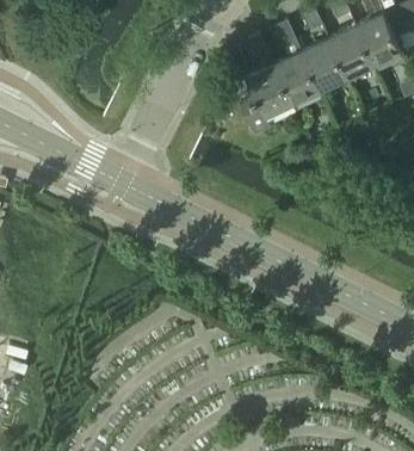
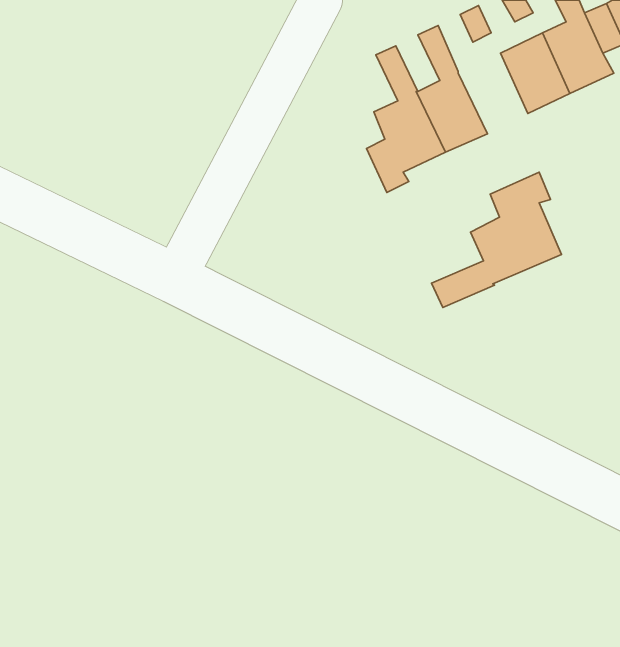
building: [299,38,345,91] -> none
building: none -> [432,172,562,308]

